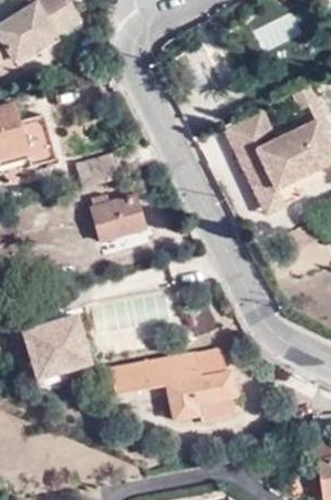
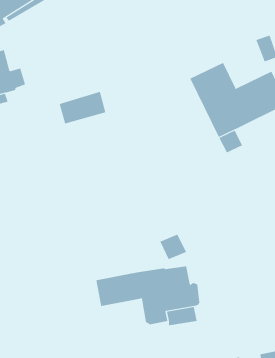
building: [92,195,147,241] -> none
building: [19,309,97,375] -> none

